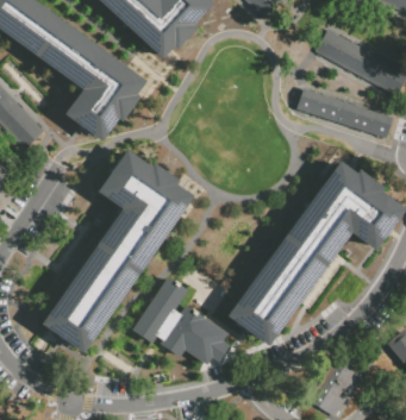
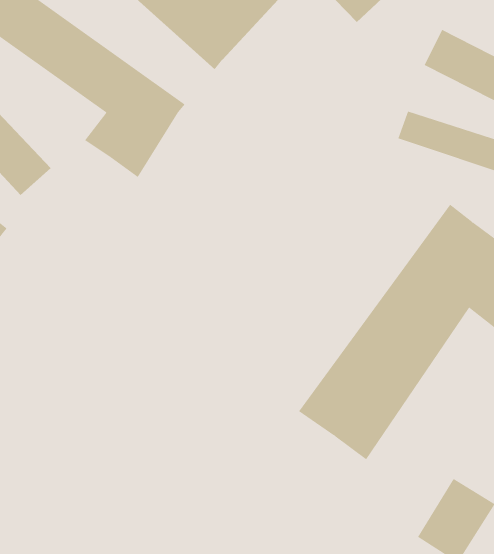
building: [45,152,194,349] -> none
building: [133,278,232,368] -> none

